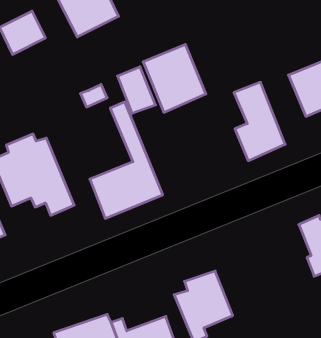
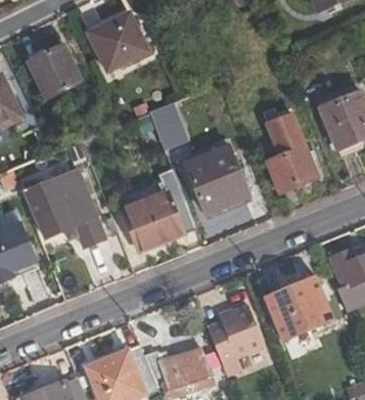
building: [143,44,206,112] -> [184,150,246,218]
building: none -> [264,275,331,339]

